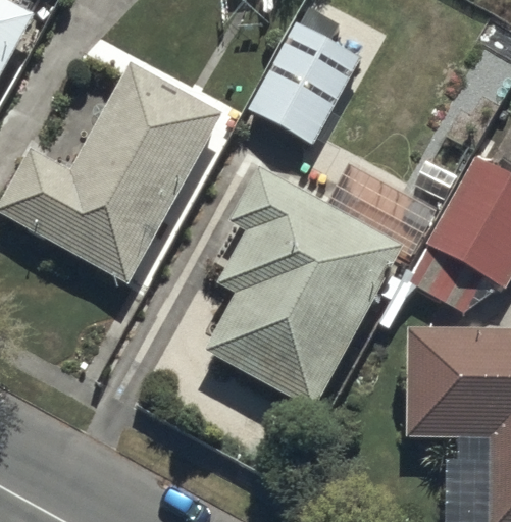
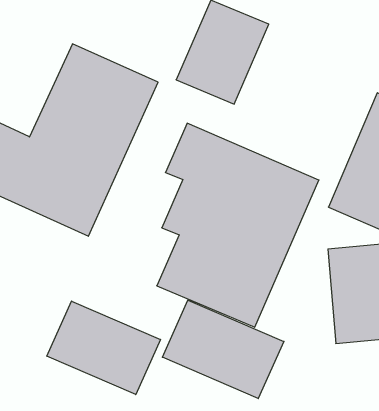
building: none -> [47,301,160,395]
building: none -> [162,300,284,399]

